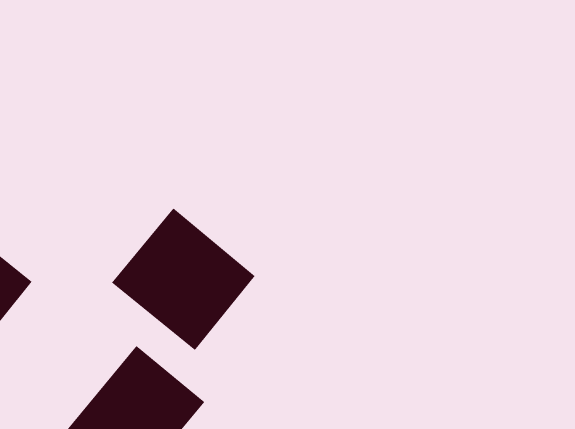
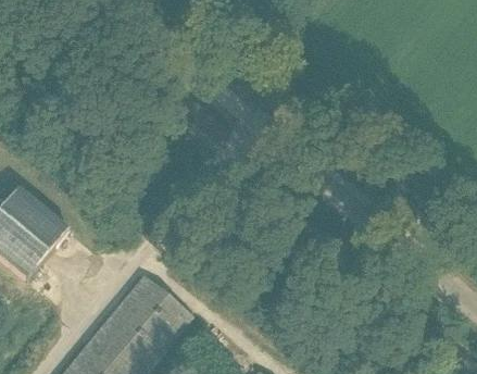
building: [111,207,255,351] -> none

